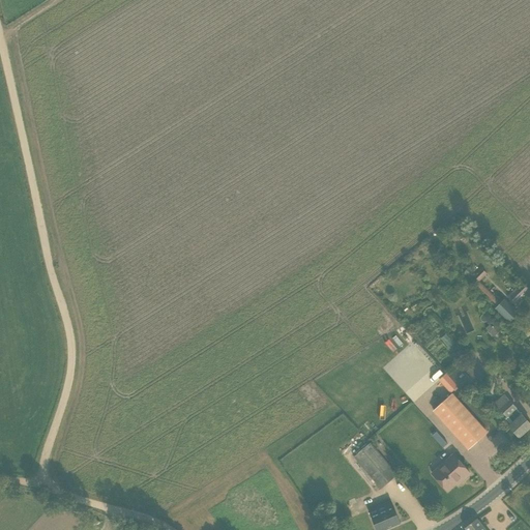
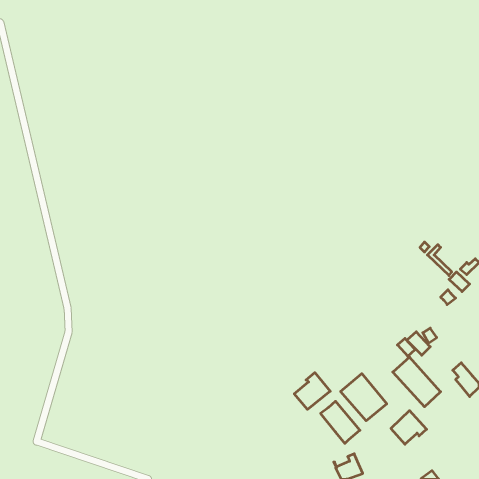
building: none -> [294,373,330,409]
building: none -> [341,374,387,421]

